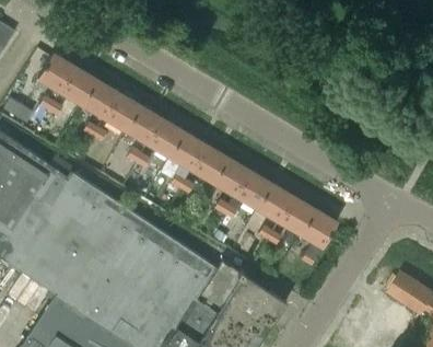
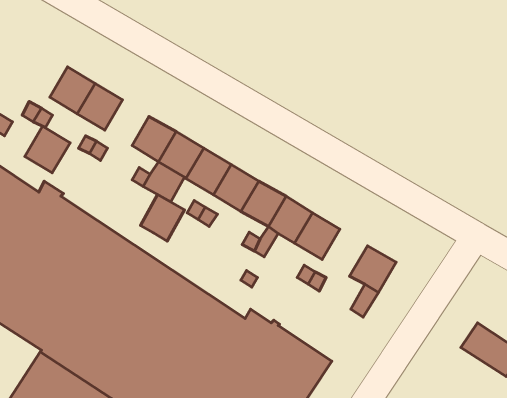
building: [38,55,74,92] -> [25,126,70,173]
building: [104,94,139,130] -> none
building: none -> [140,195,184,241]
building: [277,197,313,234] -> none

